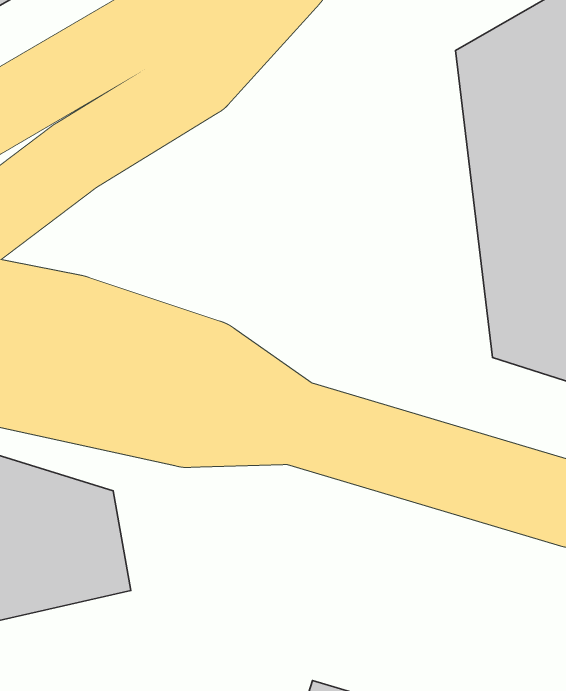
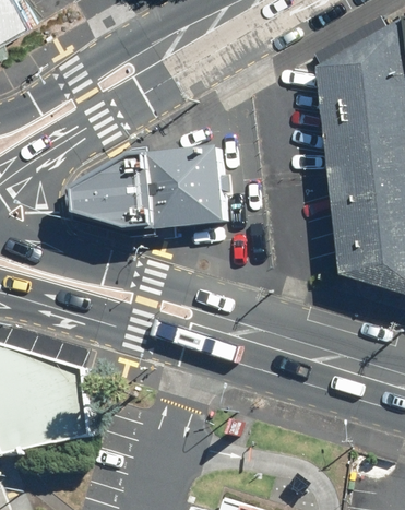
building: none -> [83,147,229,232]

